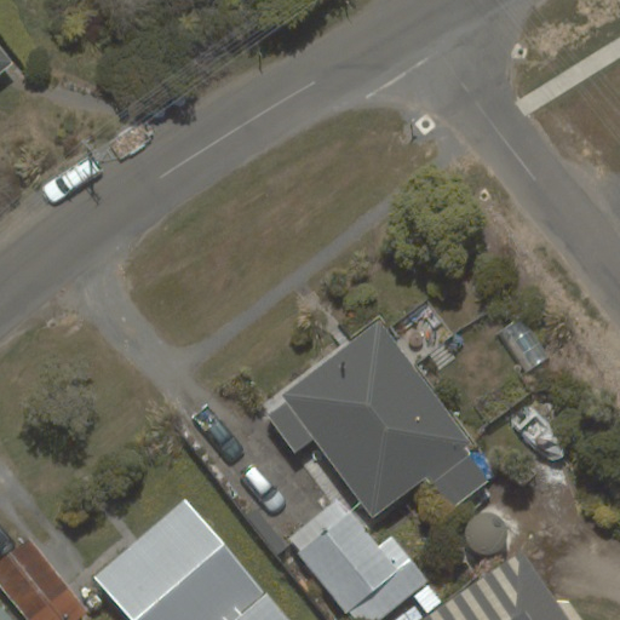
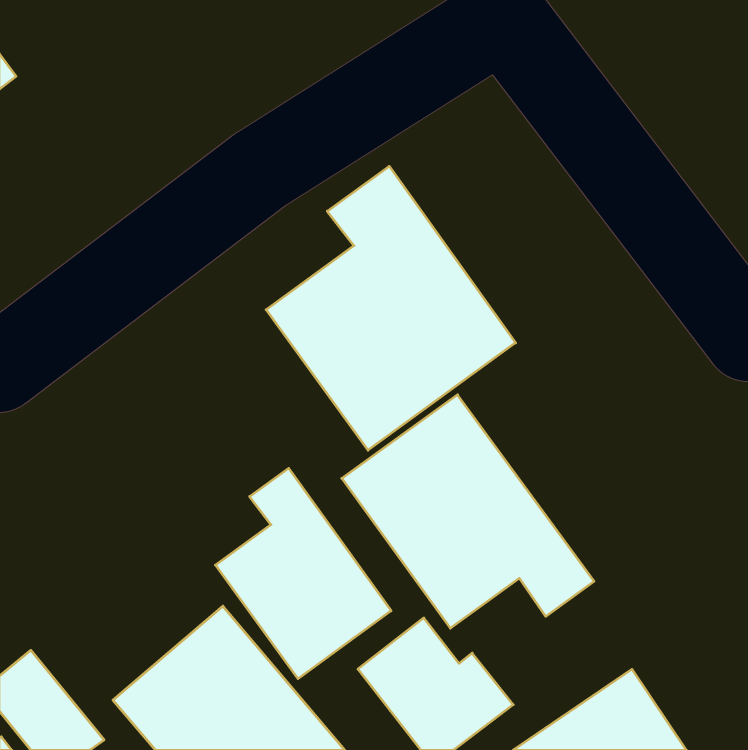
building: none -> [266,166,516,450]
building: none -> [215,468,391,679]

